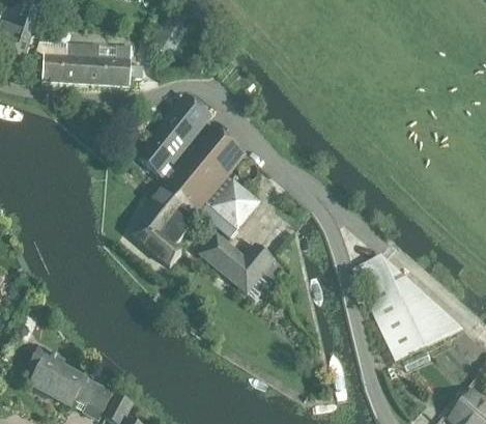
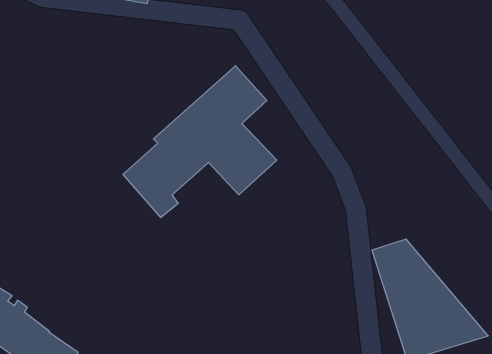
building: [137,97,209,176] -> none
building: [200,234,275,292] -> none

